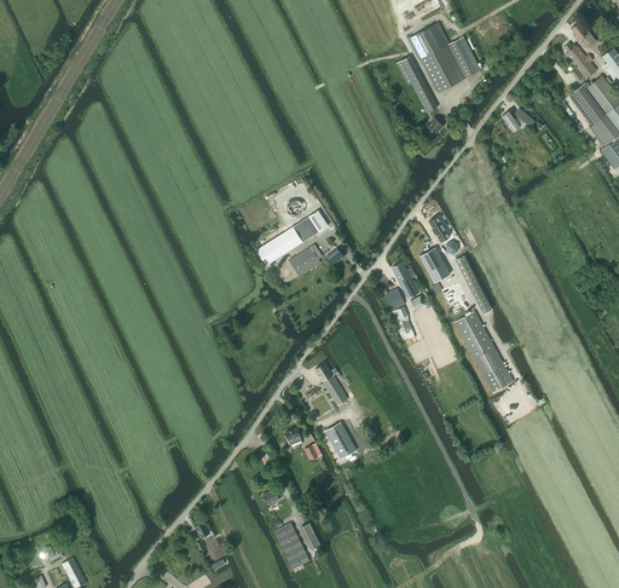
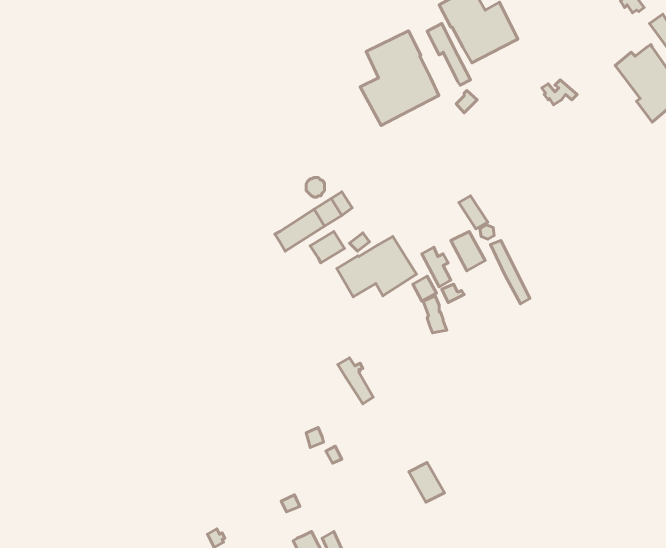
building: [563,42,596,79] -> none
building: none -> [360,31,439,126]
building: none -> [337,236,417,297]
building: [453,311,513,393] -> none
building: [324,422,357,459] -> [409,463,444,502]

